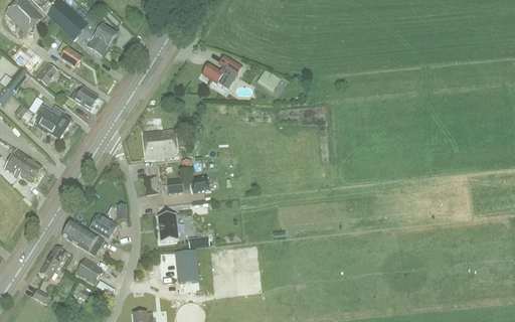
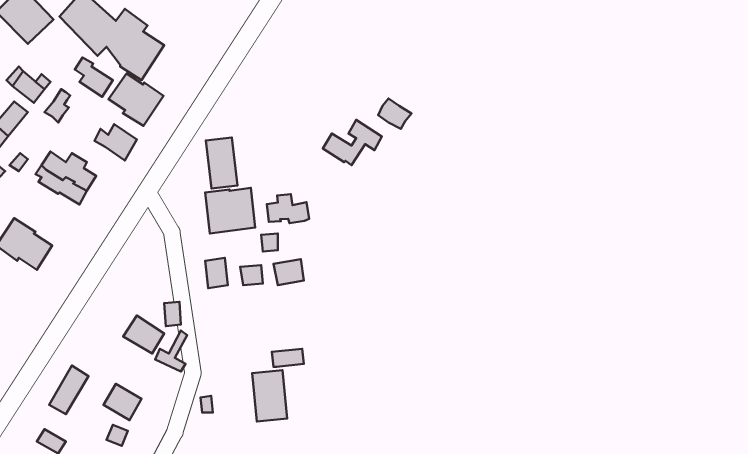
building: none -> [108,73,163,126]
building: [202,54,241,85] -> [323,120,382,165]
building: none -> [206,138,237,188]
building: none -> [267,194,309,223]
building: [157,212,177,240] -> none
building: [60,218,98,252] -> none

